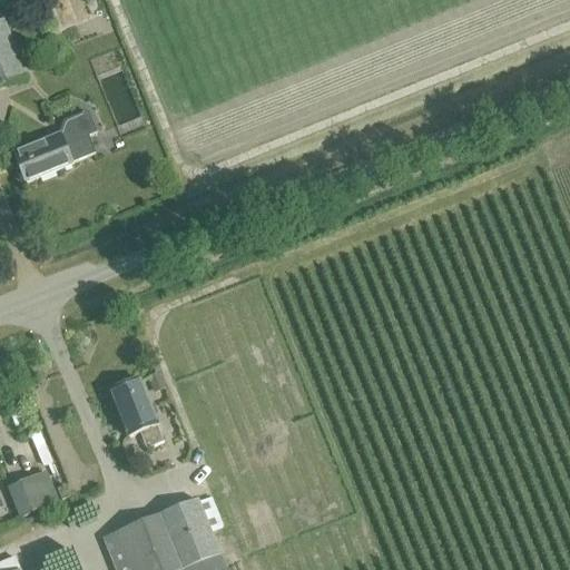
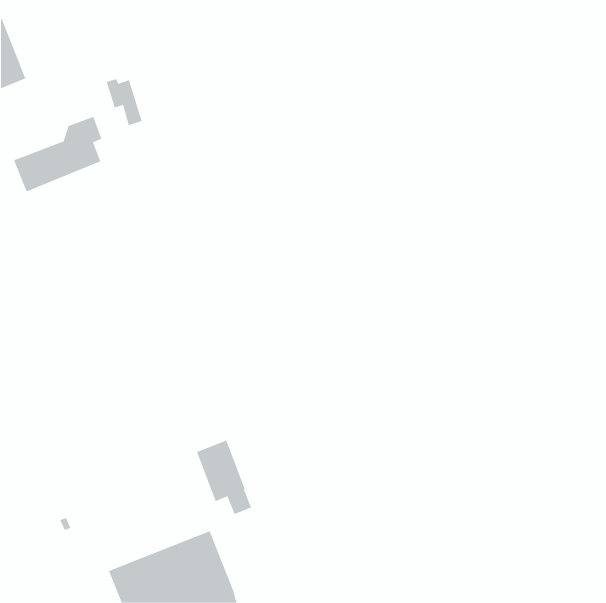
building: [110,376,163,446] -> [196,440,252,515]
building: [8,471,56,514] -> none

